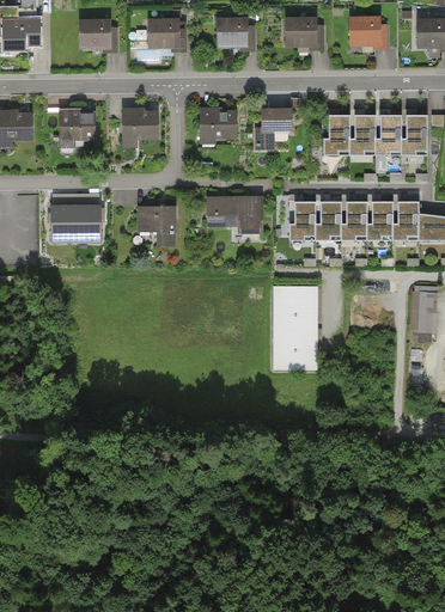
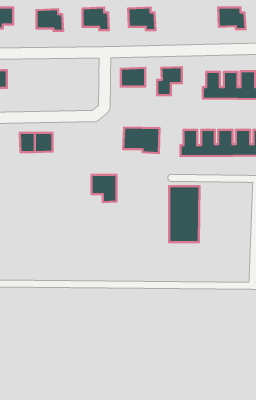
building: [282,18,322,50] -> none
building: [57,109,93,147] -> none
building: [121,109,157,146] -> none
building: [136,207,173,247] -> [91,175,116,202]

